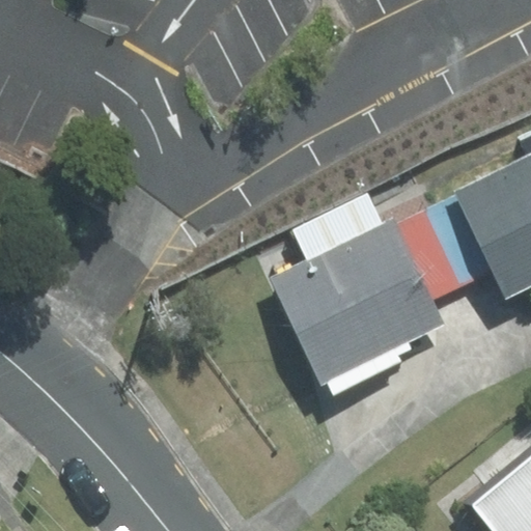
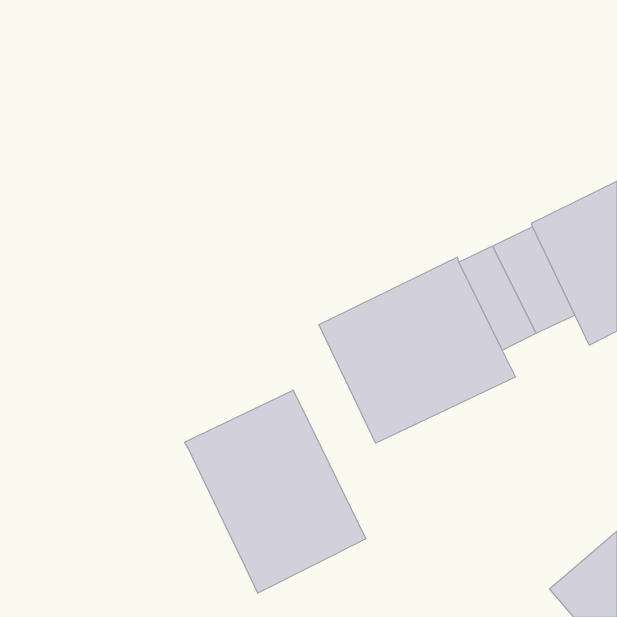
building: none -> [185,390,366,593]

